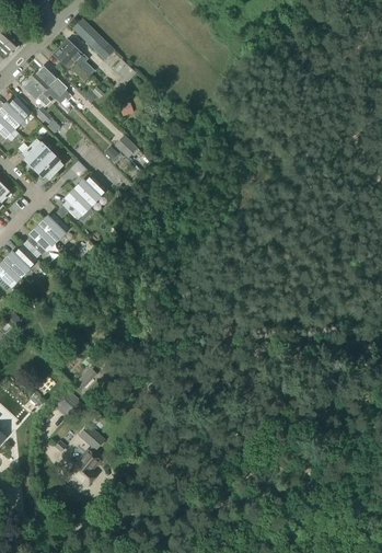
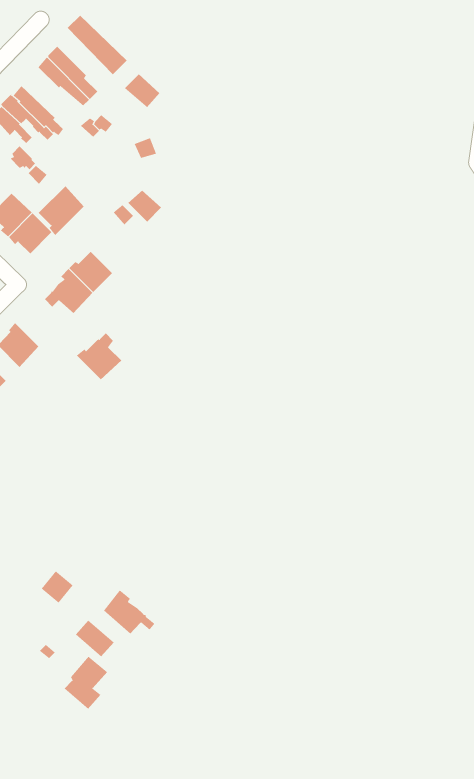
building: none -> [38,185,85,236]
building: [38,209,69,241] -> [76,333,122,380]
building: none -> [103,589,155,635]

